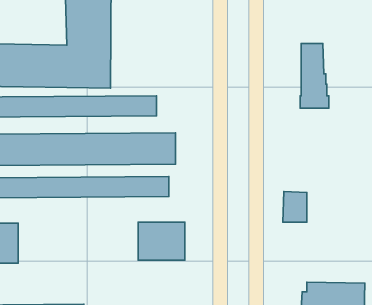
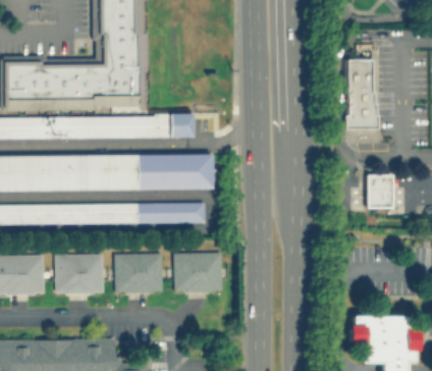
building: [283,192,307,222] -> [366,174,391,207]
building: none -> [114,252,162,293]
building: none -> [55,254,103,294]

